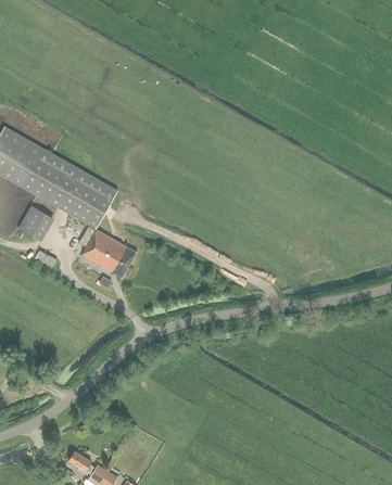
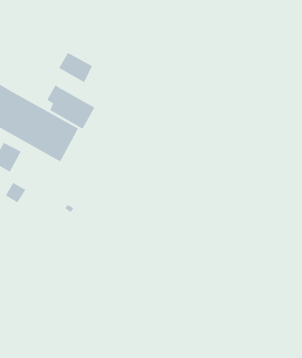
building: none -> [58,52,93,83]
building: [79,225,135,276] -> [46,84,95,129]

